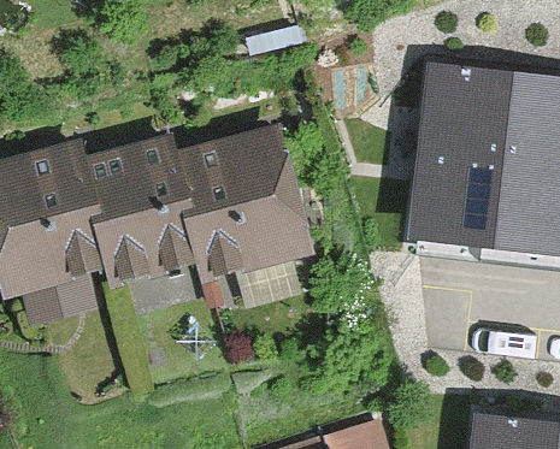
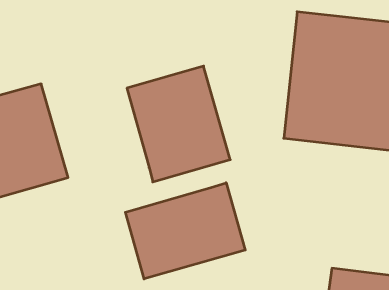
building: [84,143,225,300] -> none
building: none -> [125,183,245,279]

